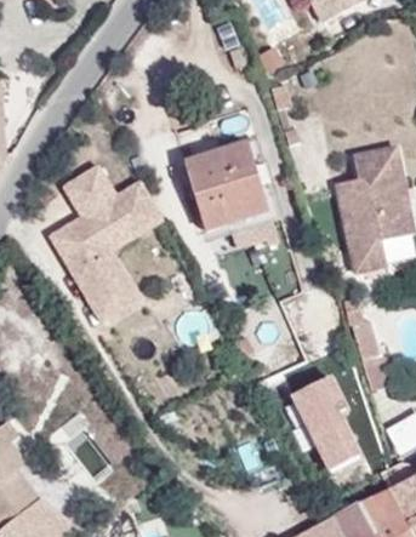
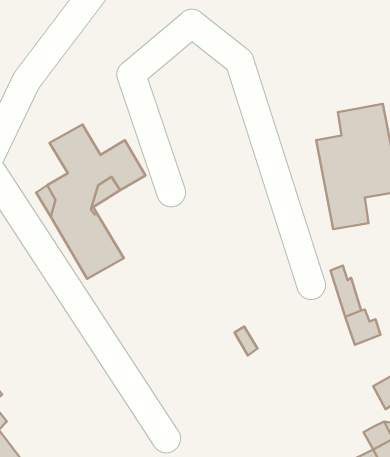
building: [184,142,273,246] -> none
building: [291,372,360,469] -> none

